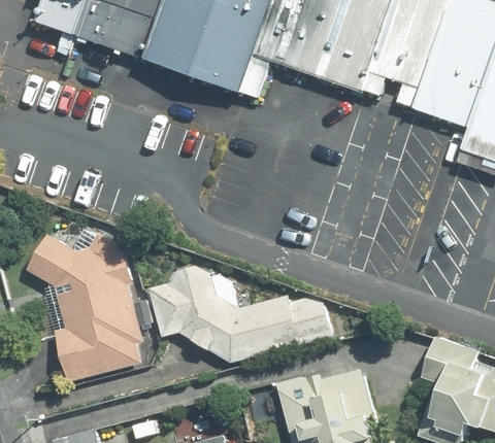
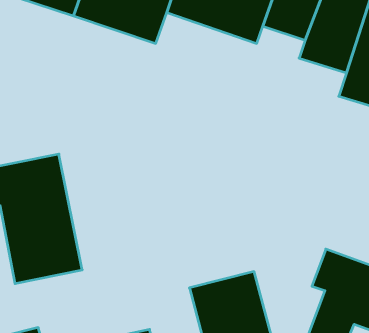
building: [155,269,334,363] -> none

